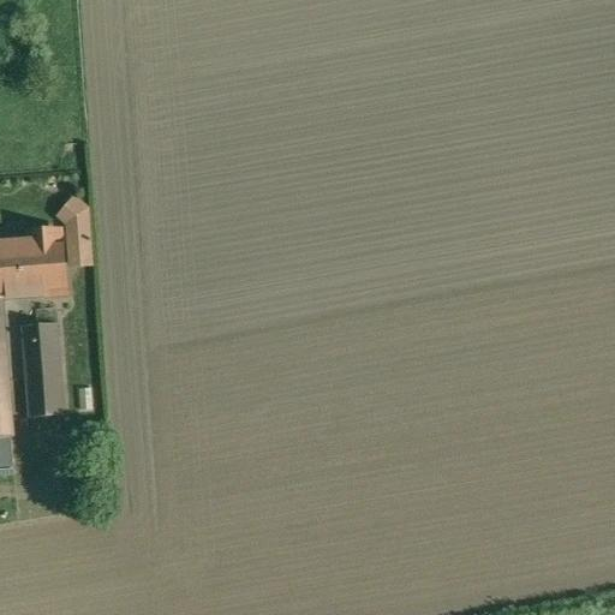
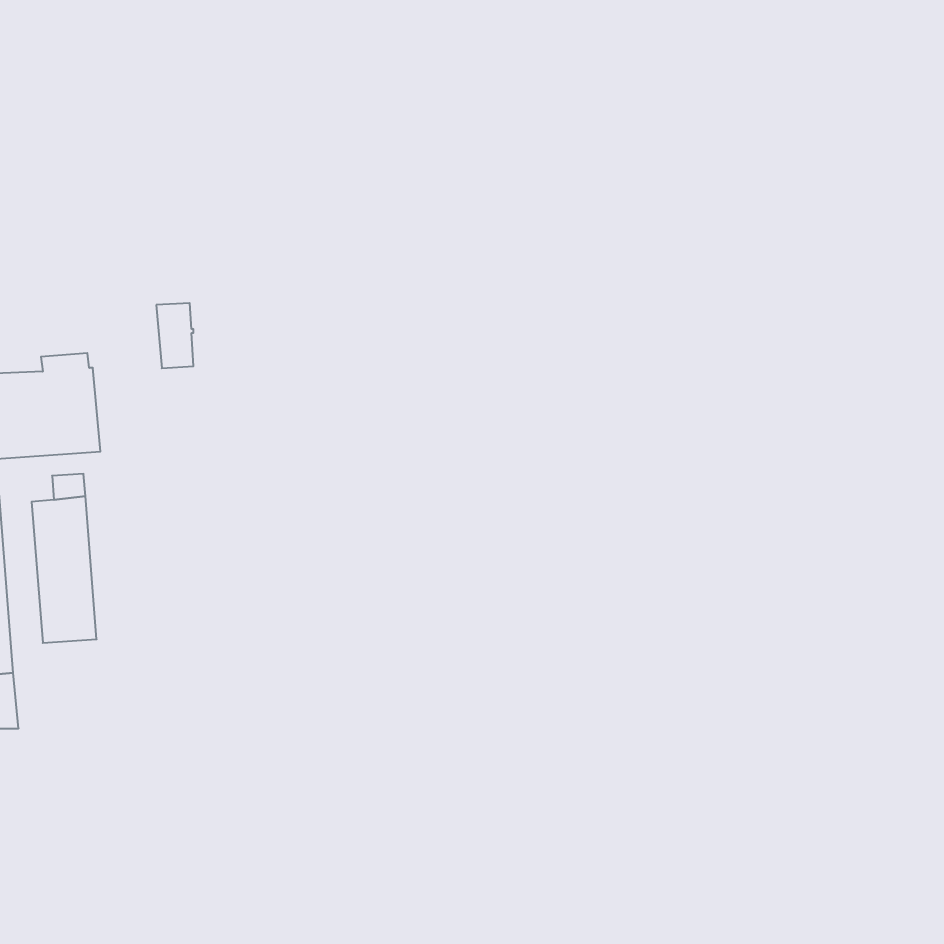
building: [65,220,89,262] -> [156,303,193,368]

